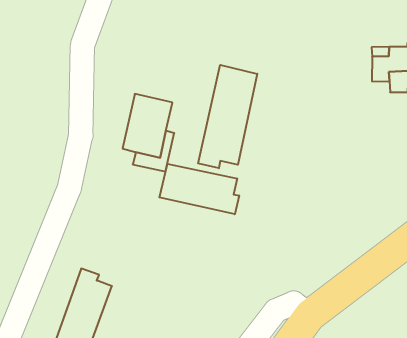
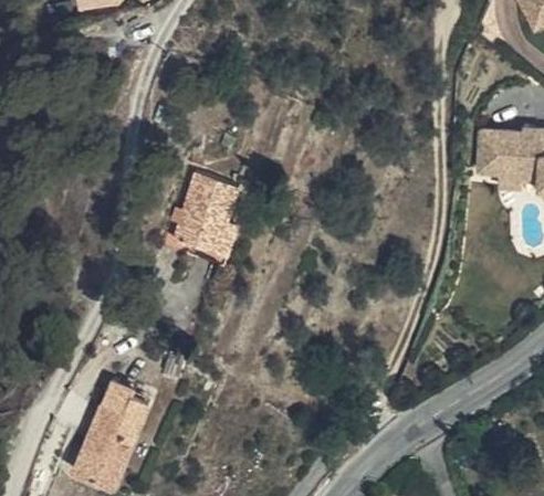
building: [198,65,257,168] -> none
building: [159,164,239,214] -> none

